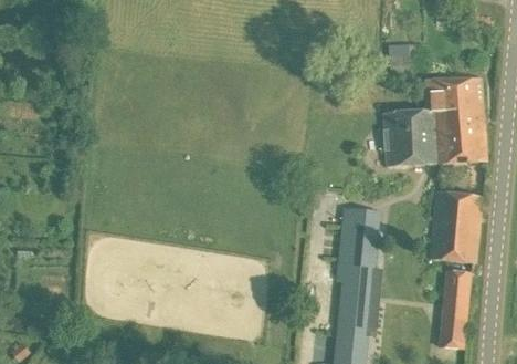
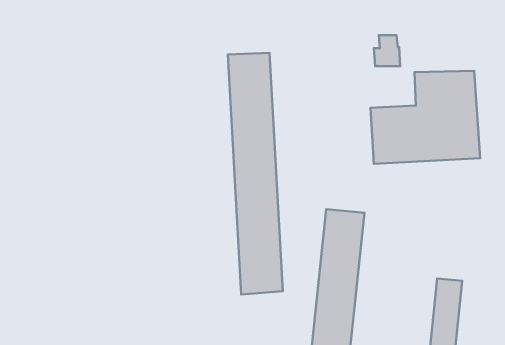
building: none -> [228,53,283,295]
building: [431,191,483,262] -> none

